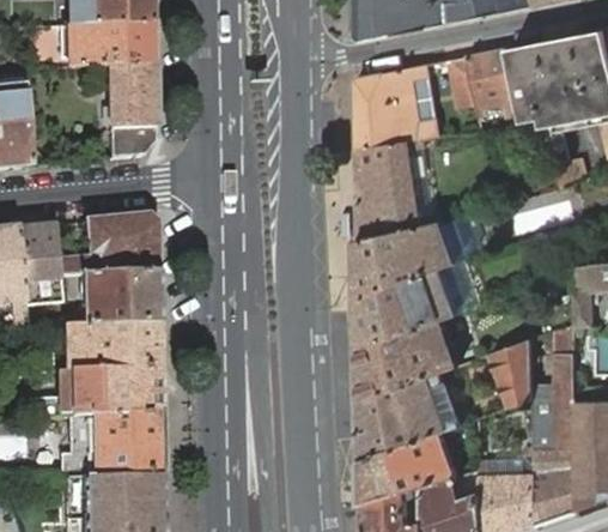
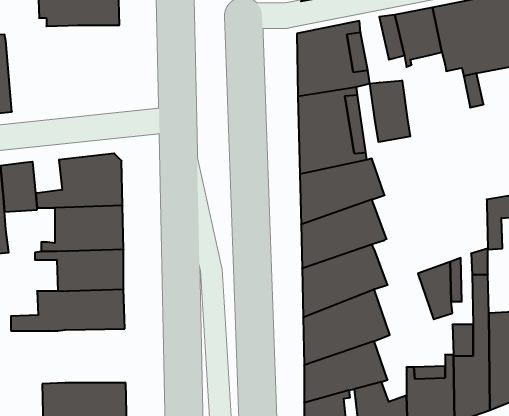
building: [105,68,154,161] -> none
building: none -> [370,80,410,142]
building: [37,417,160,480] -> none

